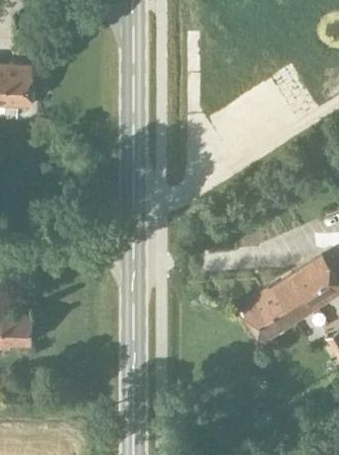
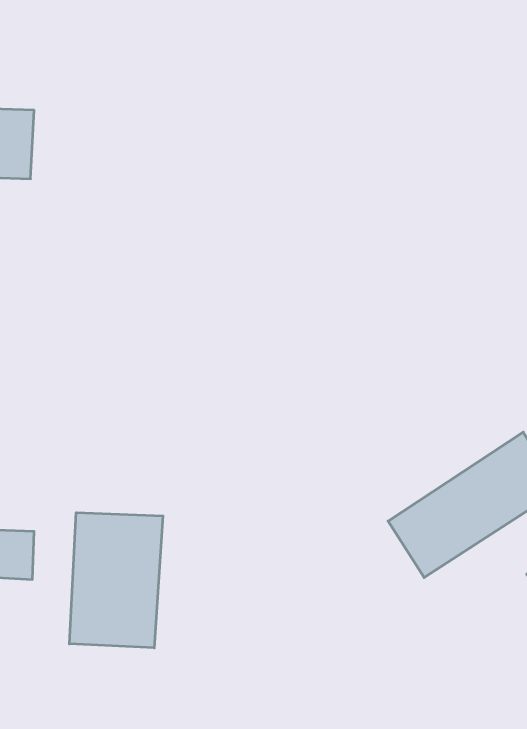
building: none -> [69,513,163,648]

